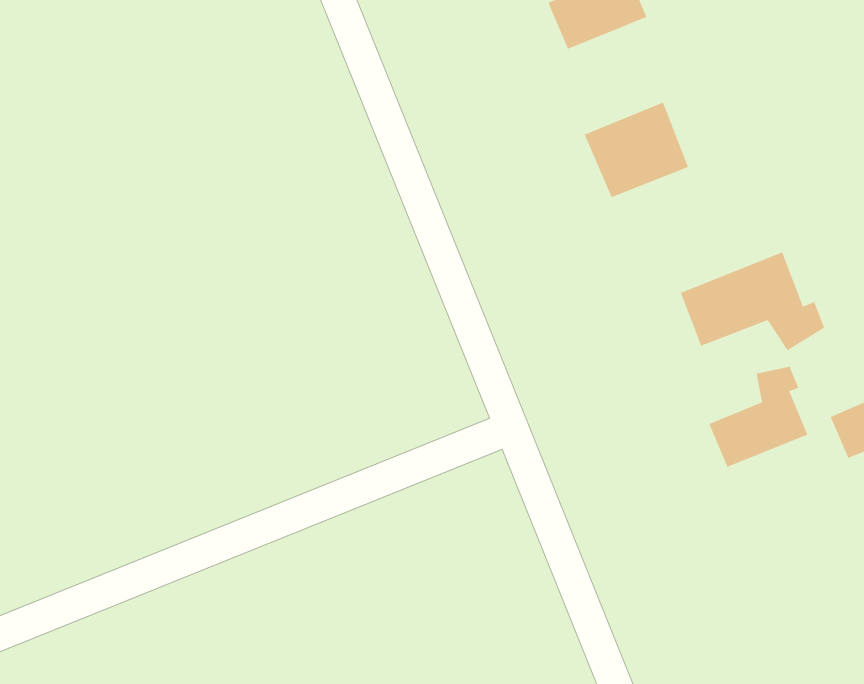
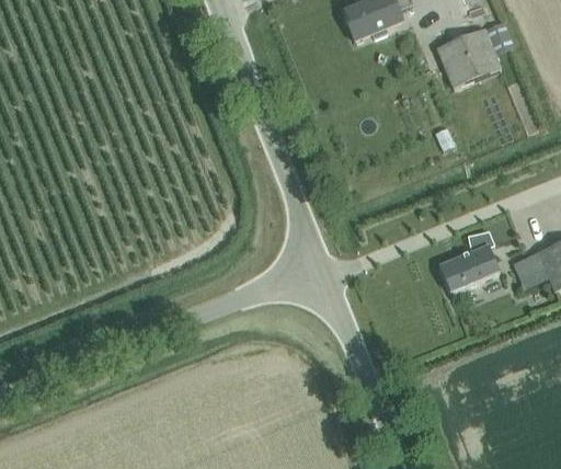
building: [584,102,689,198] -> [437,28,501,87]
building: [680,252,825,351] -> none

